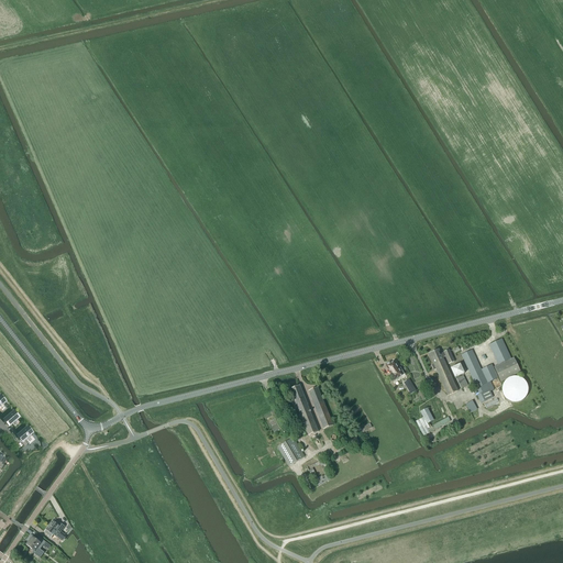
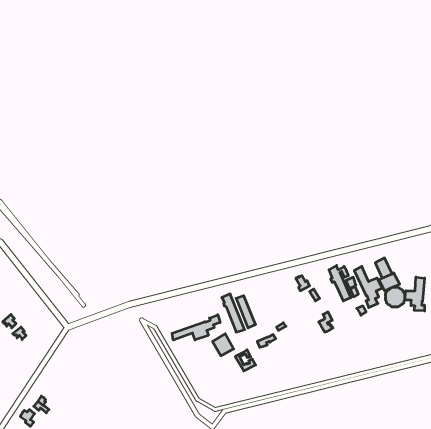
building: none -> [405,277,425,311]
building: none -> [172,315,220,340]

